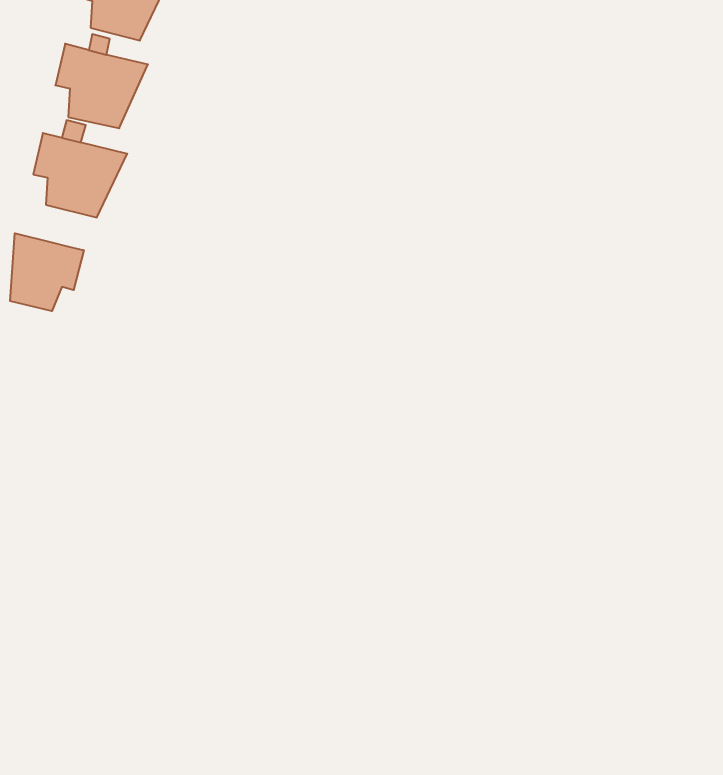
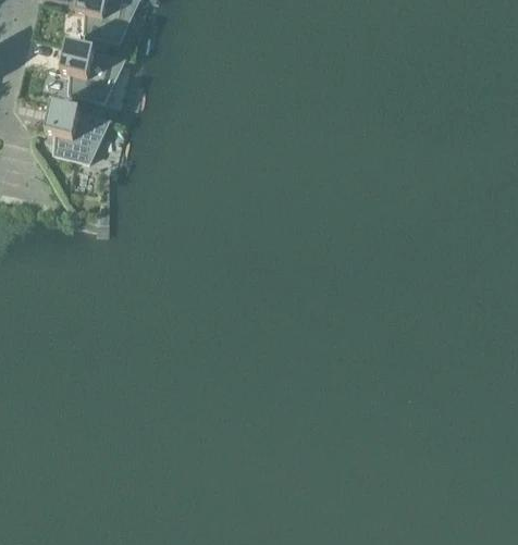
building: [10,233,84,311] -> none

